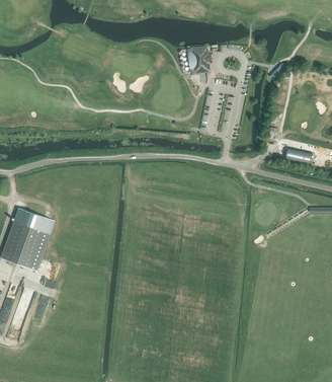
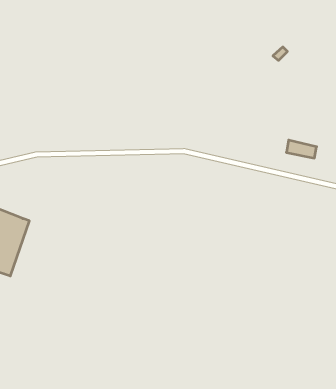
building: [187,48,209,72] -> none

